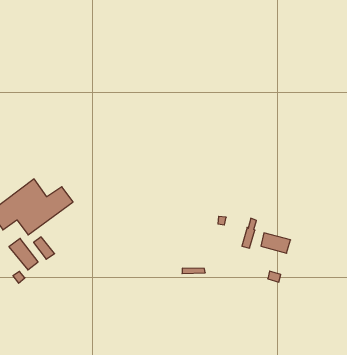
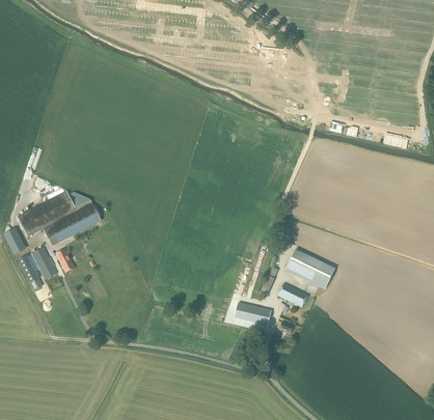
building: none -> [287,250,334,287]
building: none -> [235,301,271,325]

